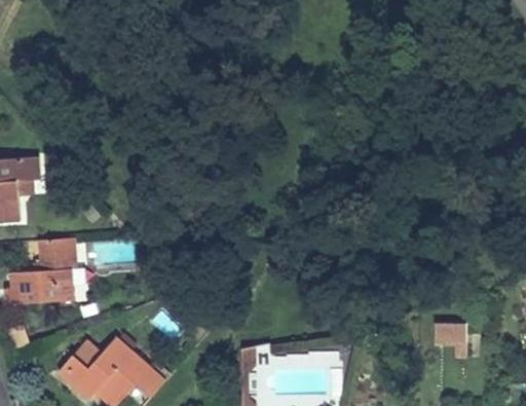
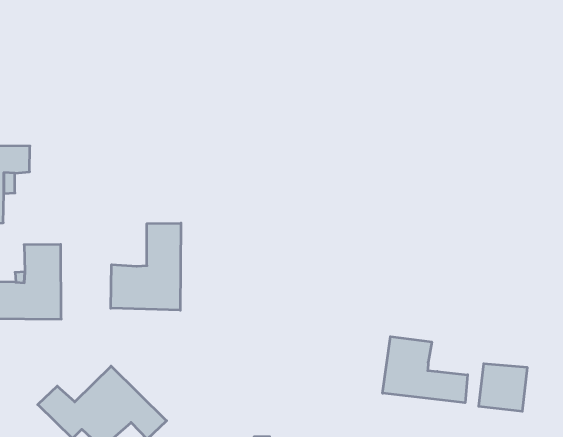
building: none -> [111,223,181,310]
building: none -> [383,337,468,403]

